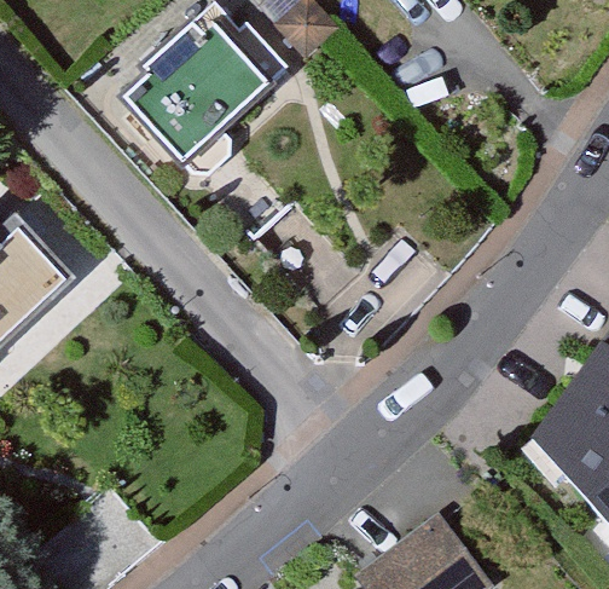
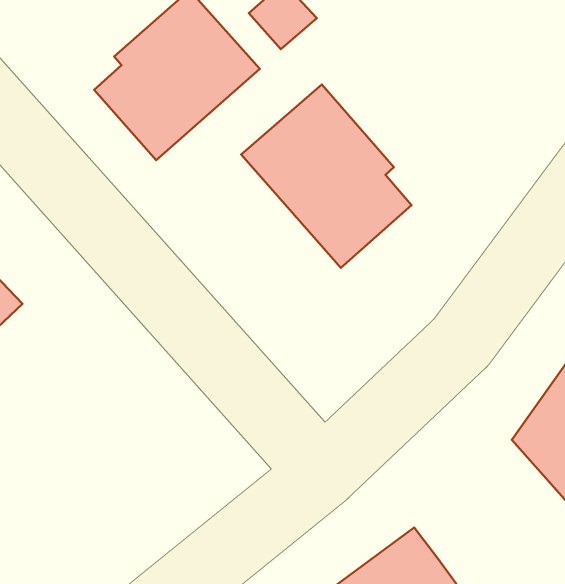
building: none -> [241,85,411,268]

